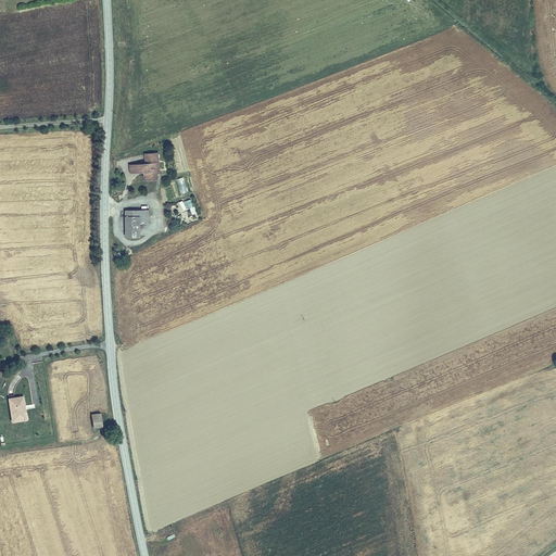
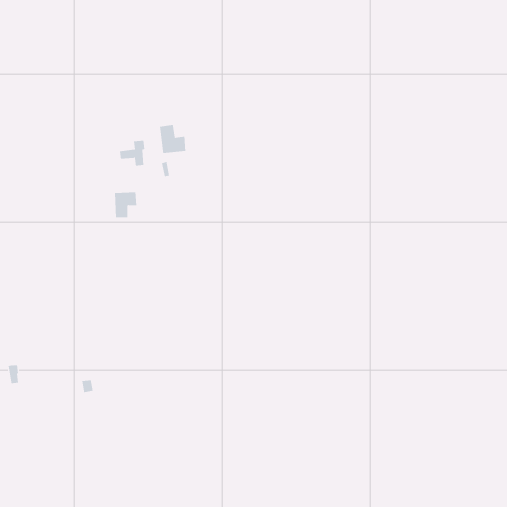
building: none -> [160,124,186,154]

